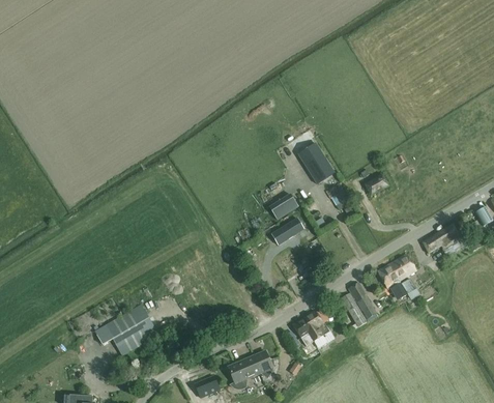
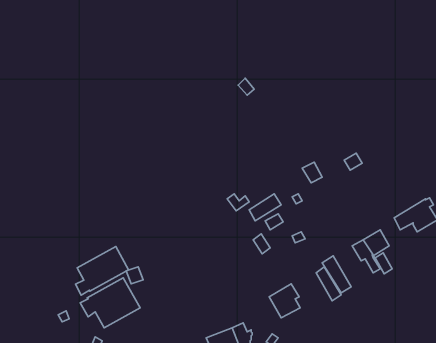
building: [297,142,335,183] -> none
building: [269,193,298,219] -> none
building: none -> [75,246,128,295]

